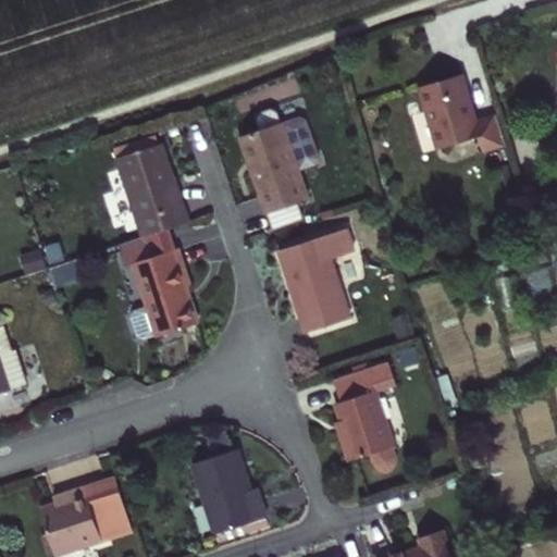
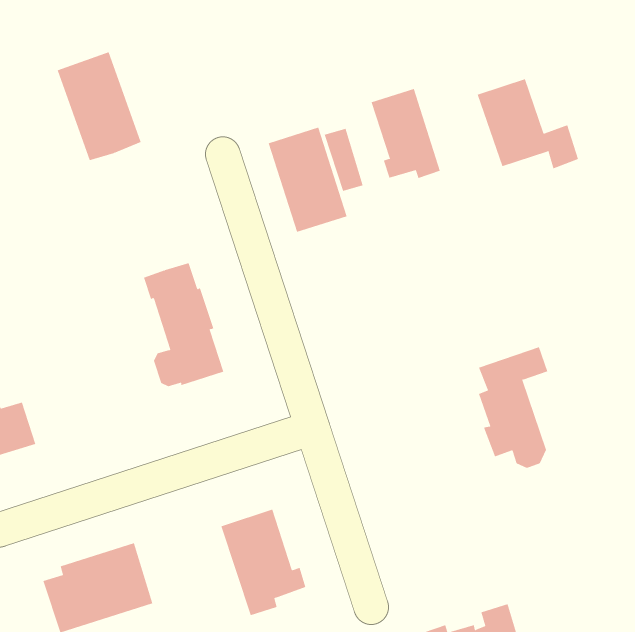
building: none -> [371,88,441,179]
building: [115,144,189,239] -> [57,51,142,161]
building: [269,221,347,326] -> none
building: [341,366,401,472] -> [478,346,548,468]

